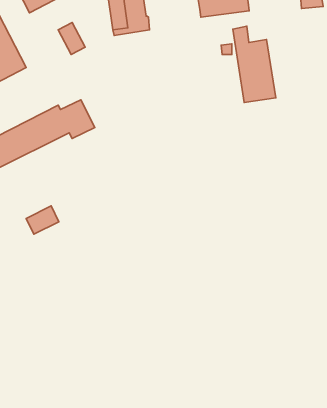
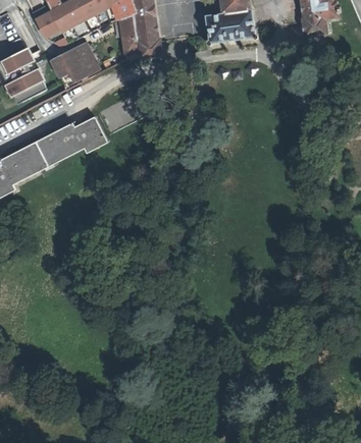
building: [233,26,276,103] -> none
building: none -> [52,52,86,86]
building: [26,206,59,234] -> none

